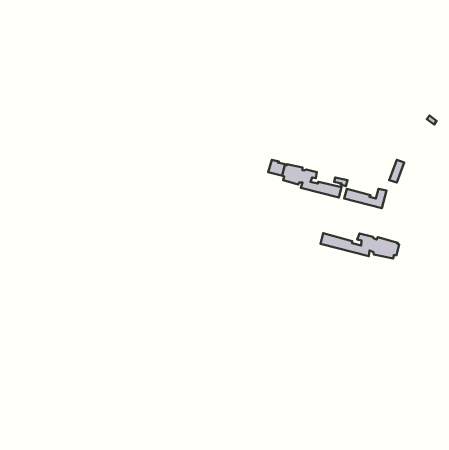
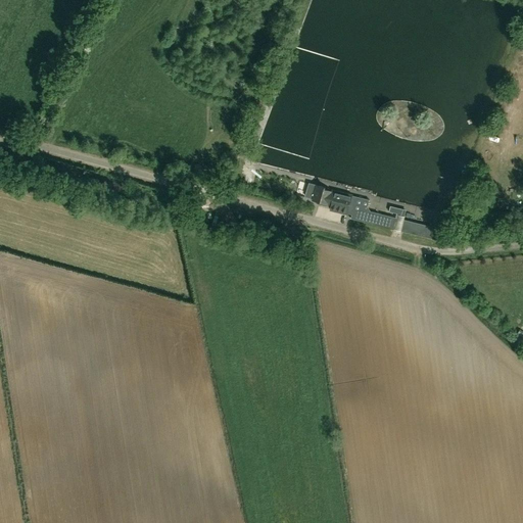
building: [321,233,399,259] -> none

